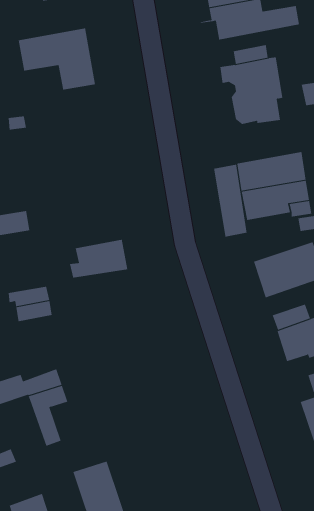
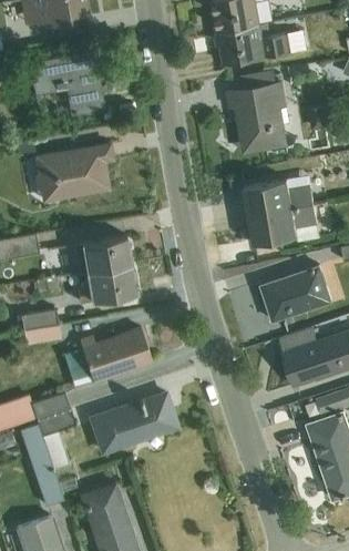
building: none -> [33,144,112,198]
building: [213,164,247,237] -> none
building: none -> [72,235,130,273]
building: none -> [62,328,151,387]
building: none -> [88,392,176,451]
building: none -> [19,422,63,506]

